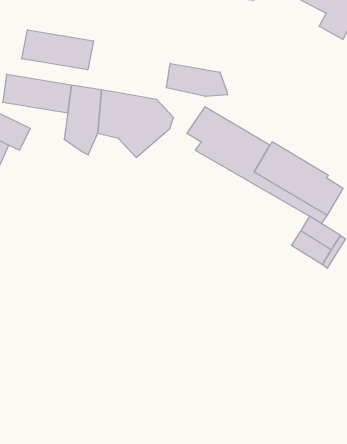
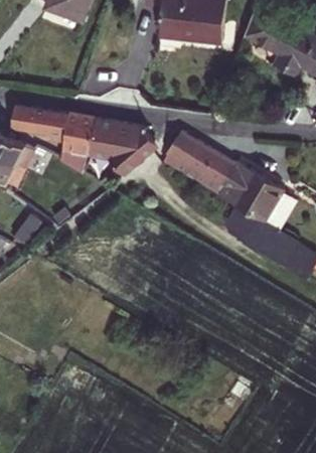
building: [22,30,94,70] -> none
building: [167,63,227,97] -> none

